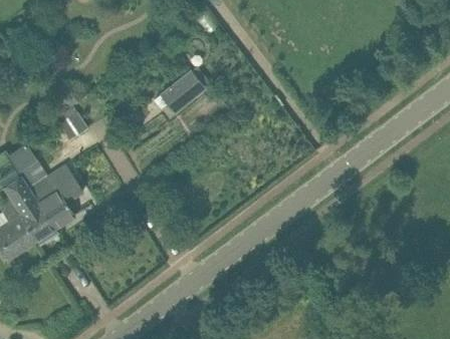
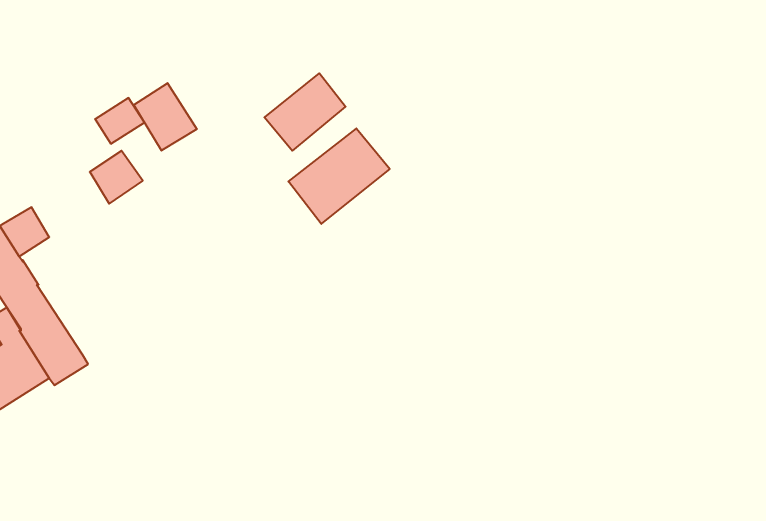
building: none -> [134,83,197,151]
building: none -> [288,128,390,224]
building: [29,165,83,229] -> none

